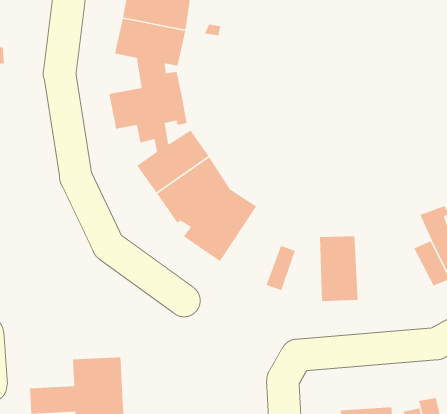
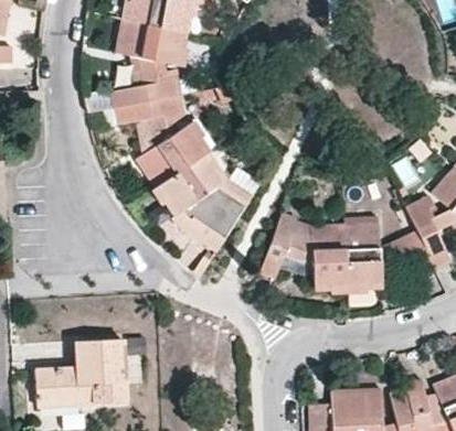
building: none -> [344,224,381,303]

